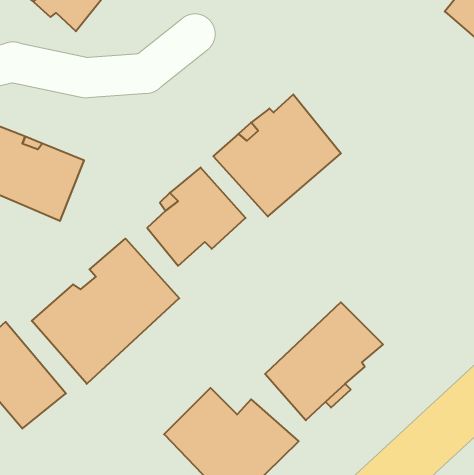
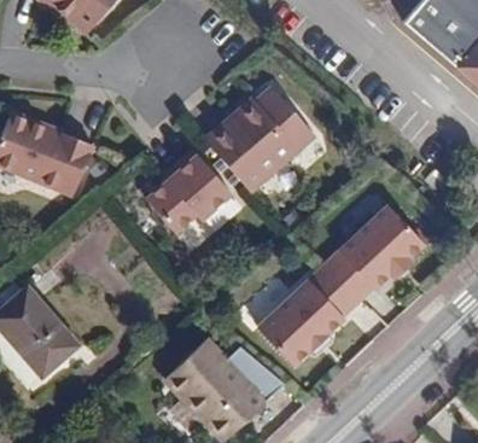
building: none -> [317,208,418,303]
building: [32,239,179,384] -> none

